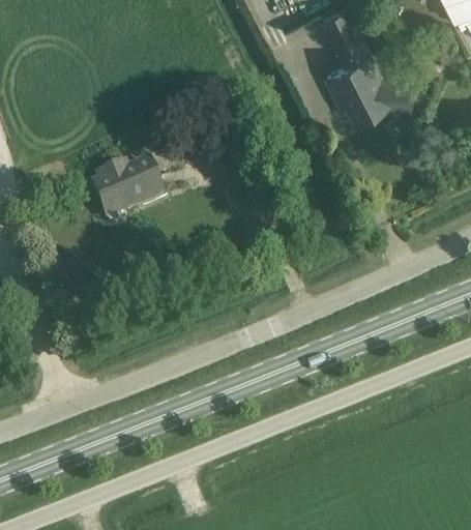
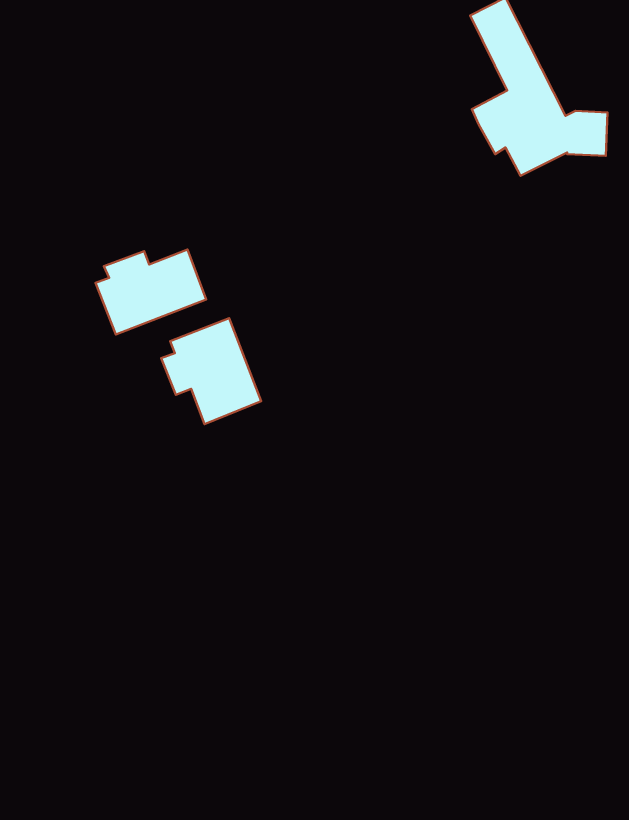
building: none -> [161,318,261,424]

